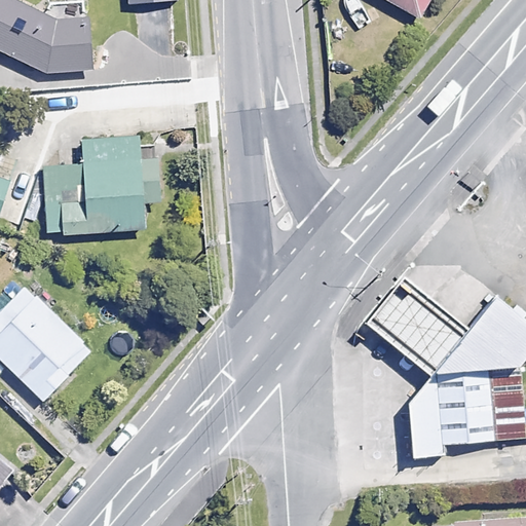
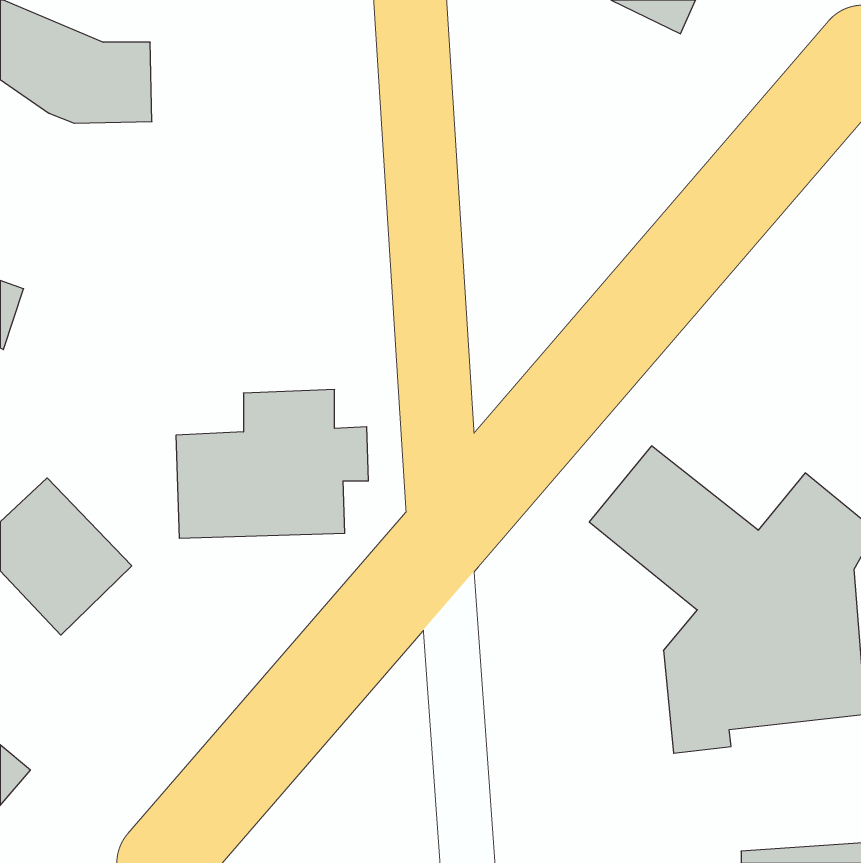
building: [44,145,161,235] -> [176,390,368,538]

